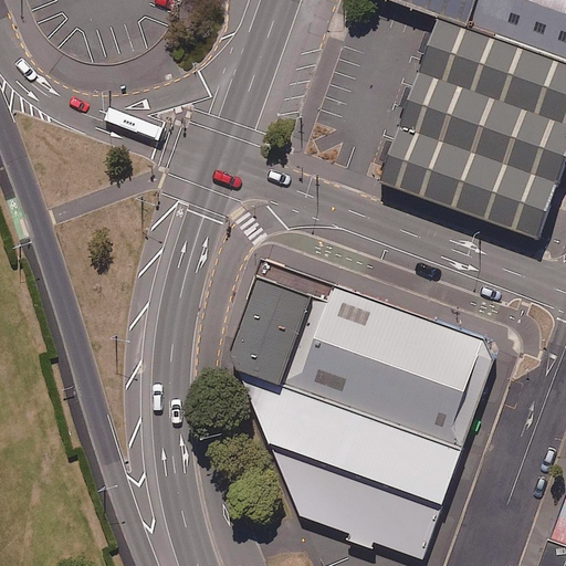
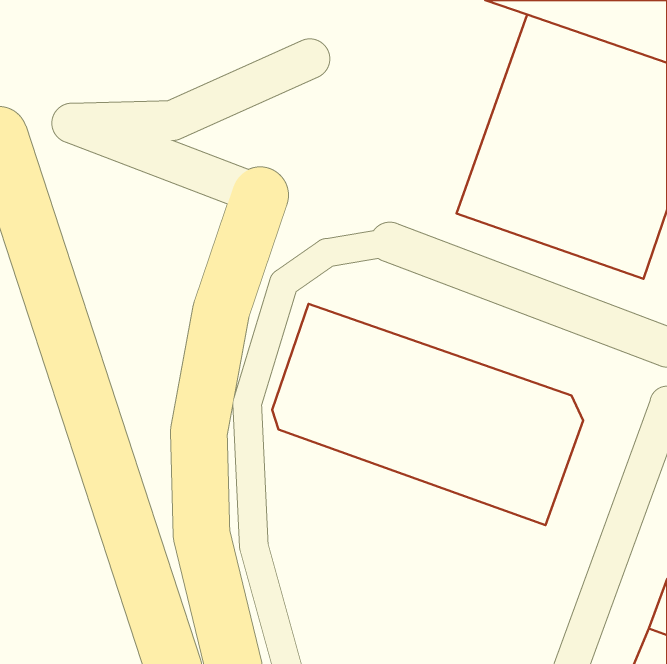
building: [235,367,461,559] -> none

